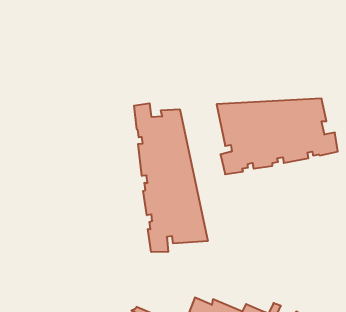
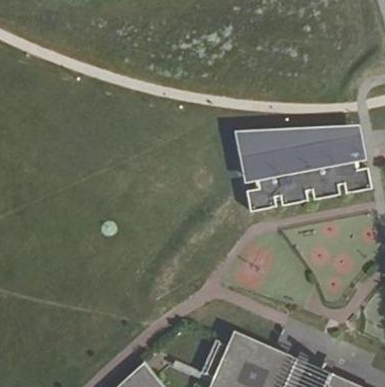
building: [134,103,208,252] -> none

